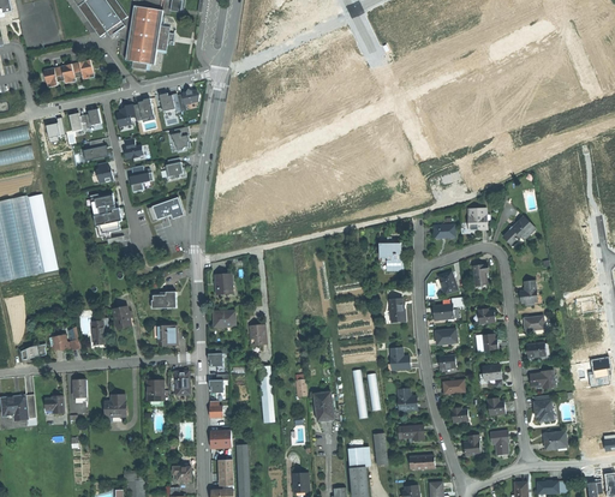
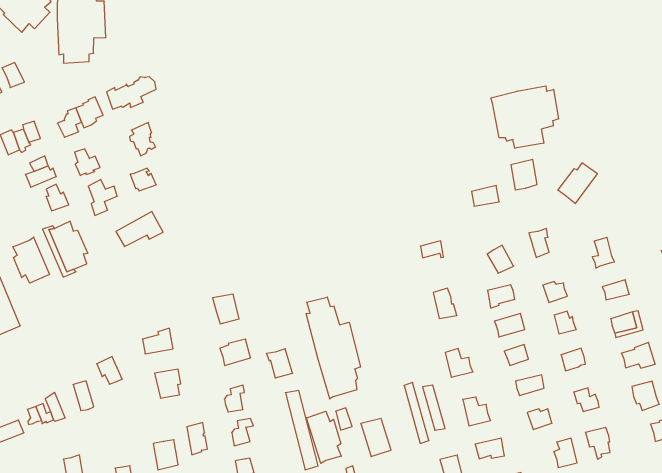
building: none -> [491,86,559,148]
building: none -> [13,237,50,283]
building: none -> [306,297,361,399]
building: none -> [307,411,341,463]

